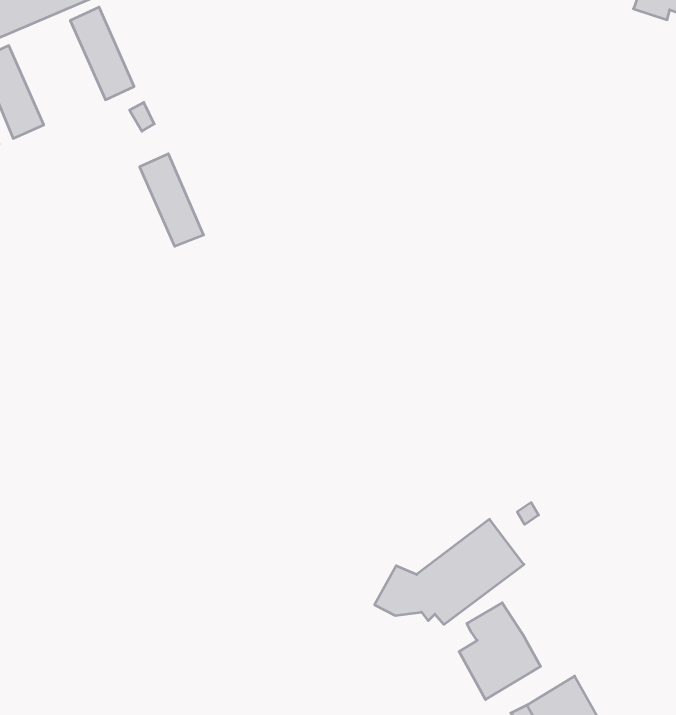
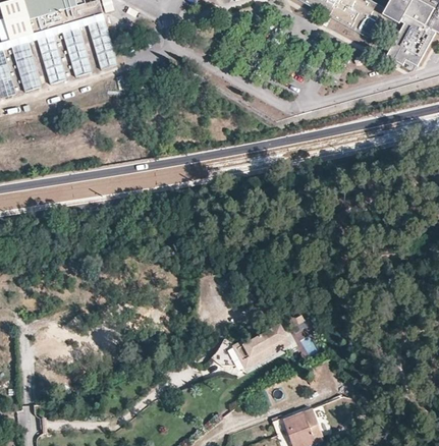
building: [140,154,204,246] -> [62,23,92,73]
building: [459,603,541,700] -> none

